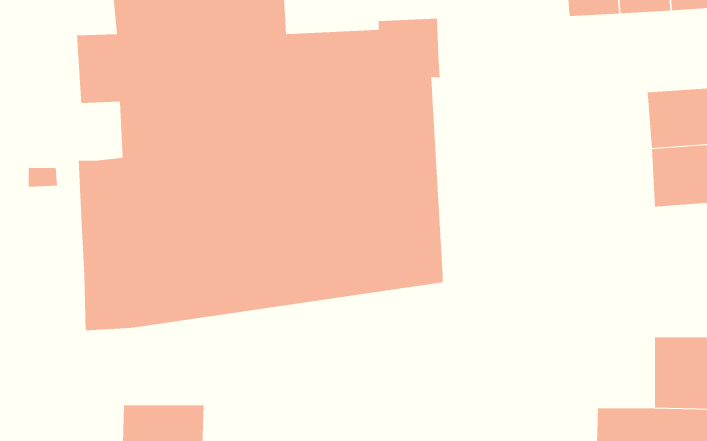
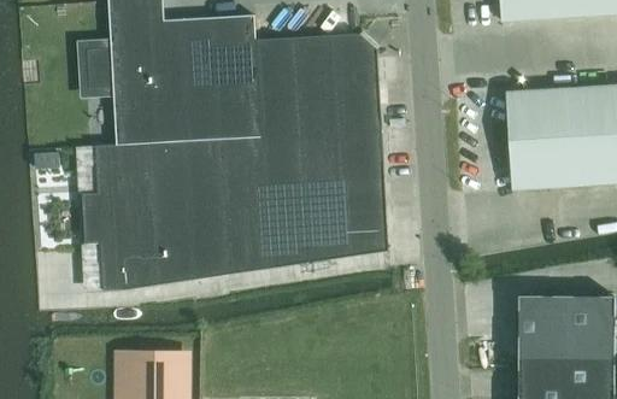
building: none -> [507,88,568,189]
building: none -> [519,295,568,356]

